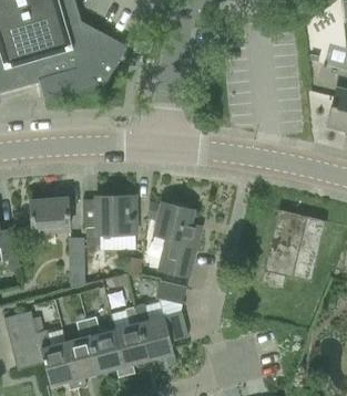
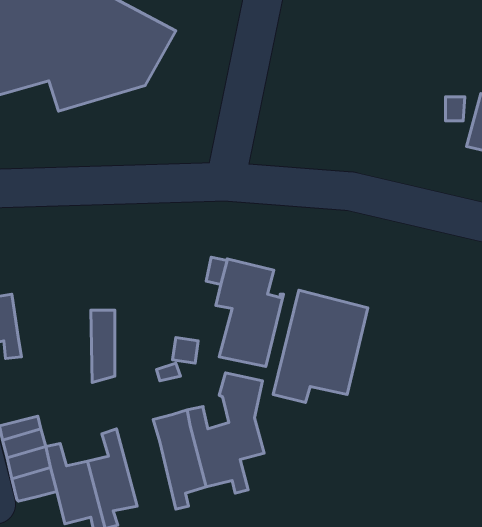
building: [82,196,135,246] -> none
building: [31,198,70,232] -> none
building: [261,209,326,286] -> [273,290,368,402]
building: [85,317,126,377] -> none

